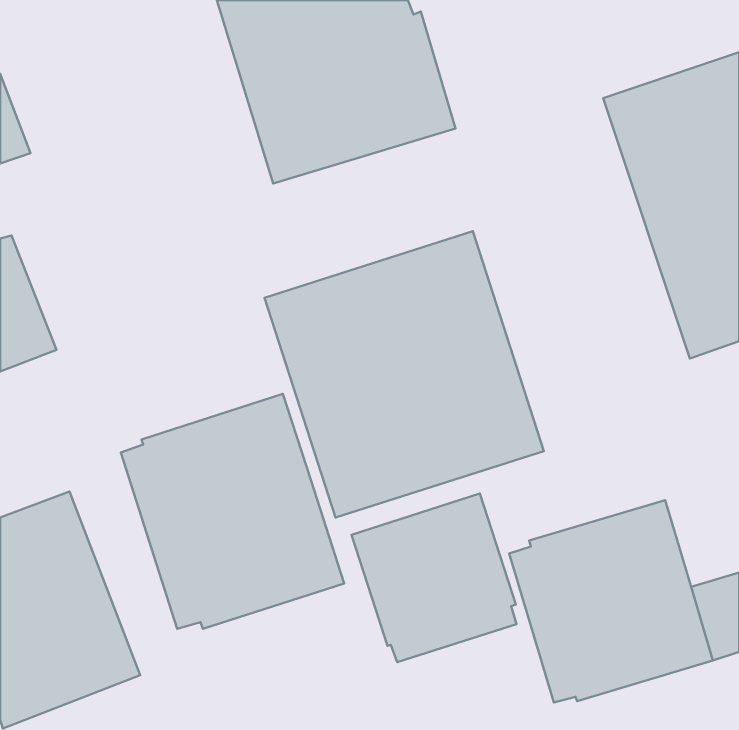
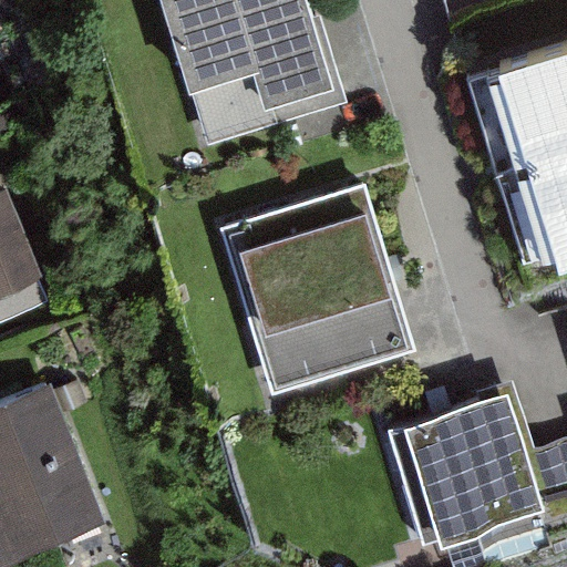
building: [121,394,344,629] -> none
building: [352,493,516,662] -> none

